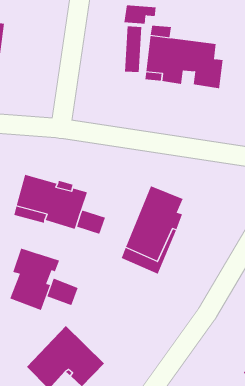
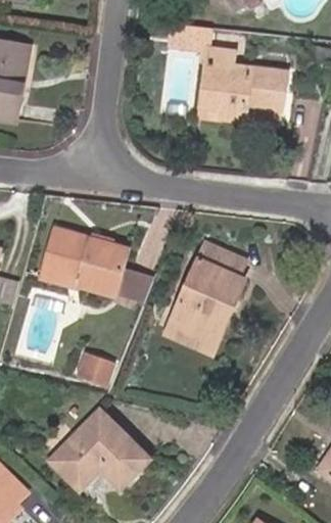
building: [10,248,60,311] -> none

